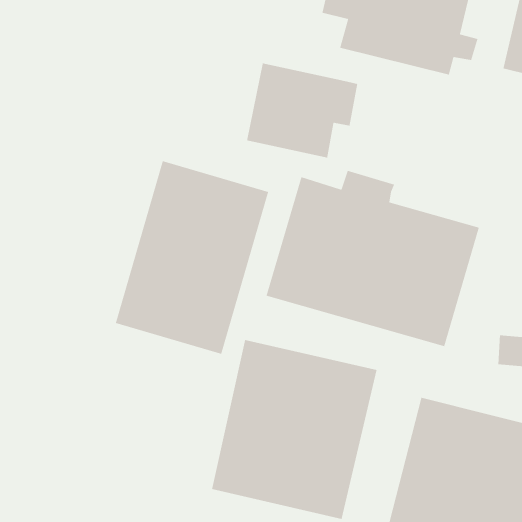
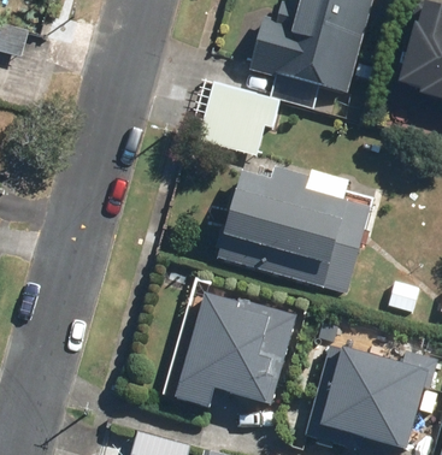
building: [115,160,269,355] -> none

